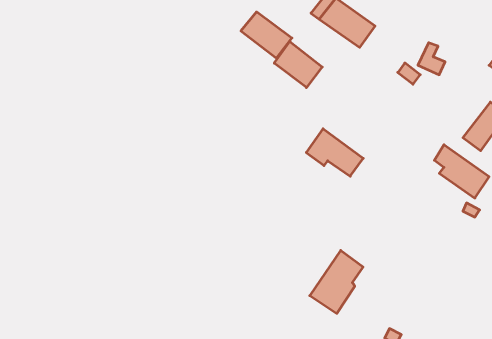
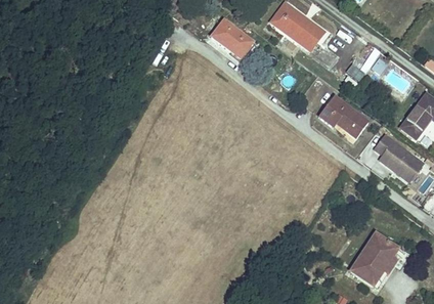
building: [274,41,322,88] -> none
building: [306,129,363,176] -> [320,97,370,138]
building: [310,250,363,313] -> [346,227,392,281]

